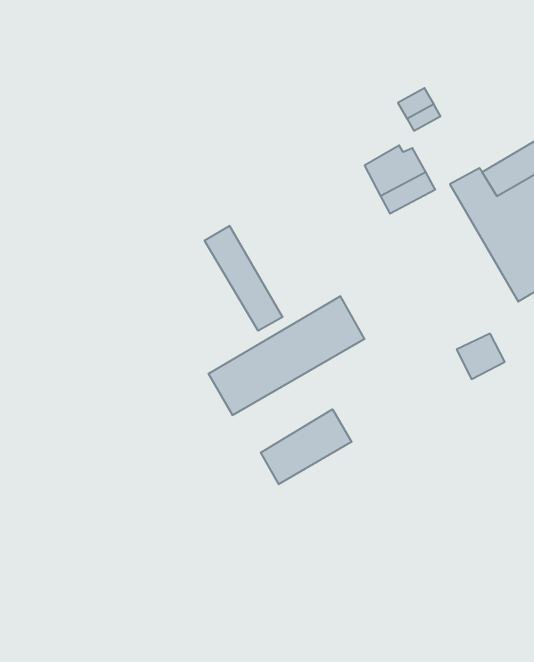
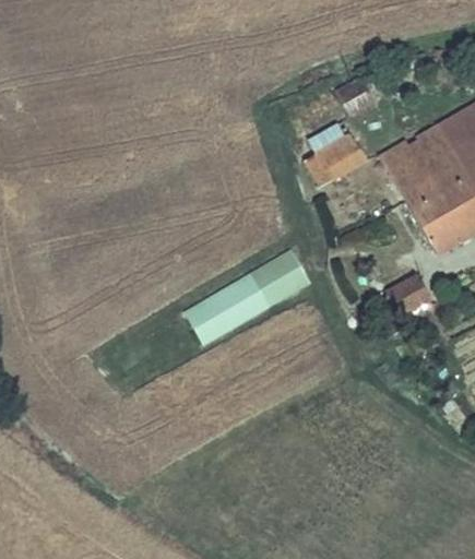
building: [205,226,283,331] -> none
building: [261,409,352,484] -> none

